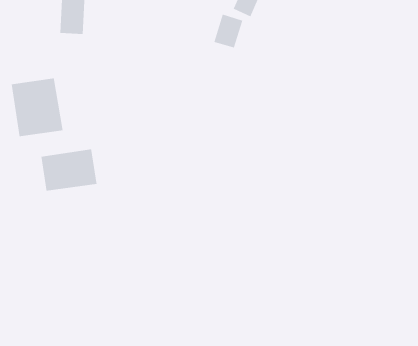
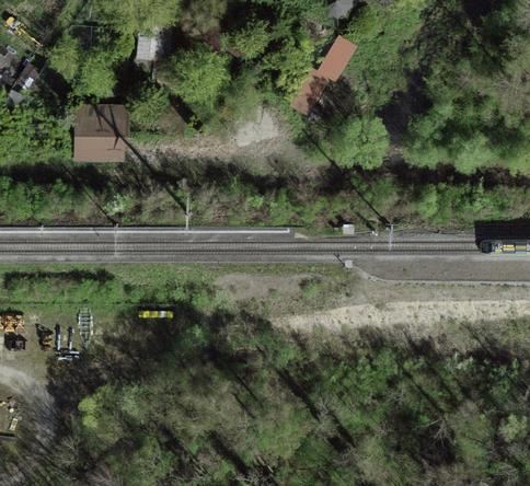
building: [41,148,97,191] -> none

